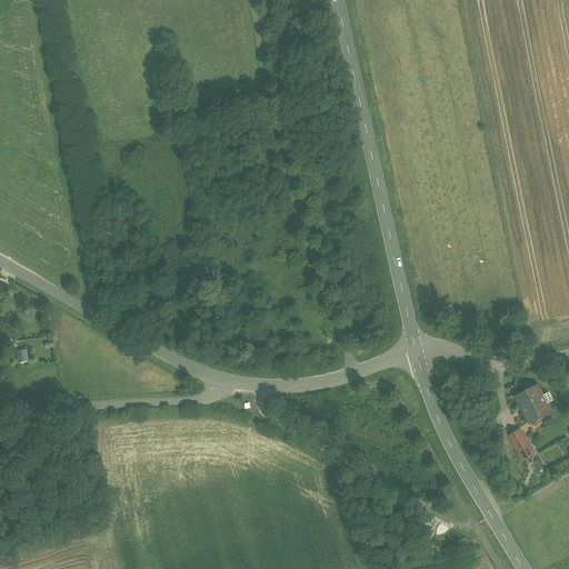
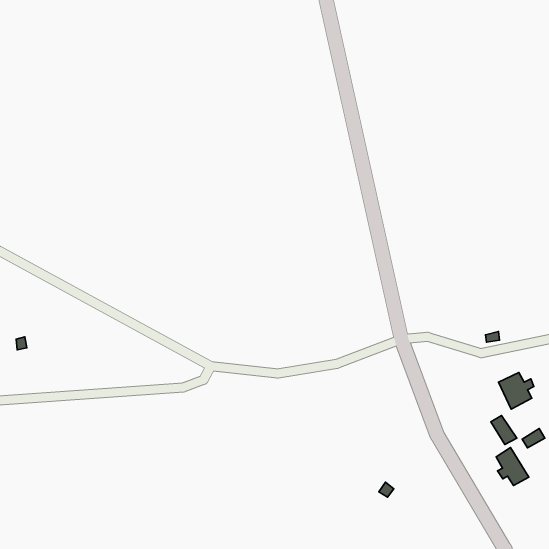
building: none -> [496,448,529,486]

